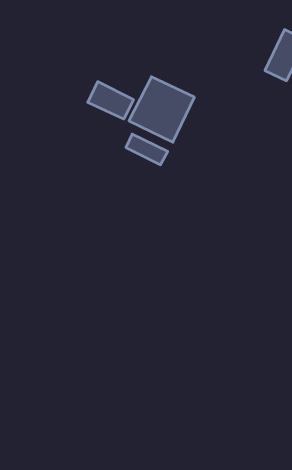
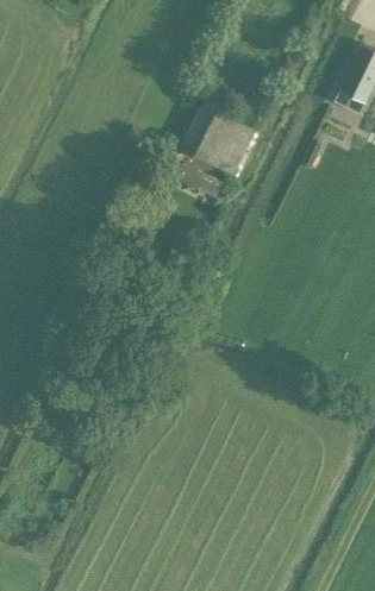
building: [88,82,133,119] -> none

